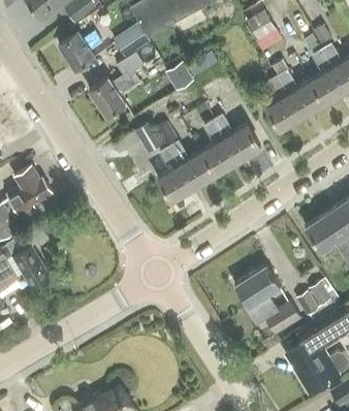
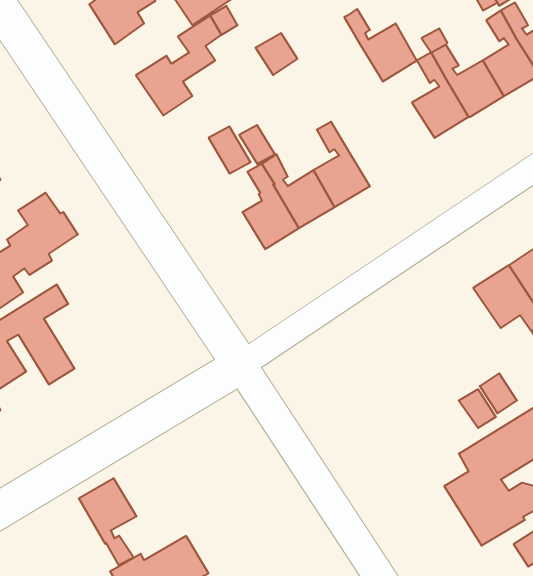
building: [214,115,260,161] -> [344,9,417,82]
building: [234,264,300,335] -> none
building: none -> [79,478,137,565]

